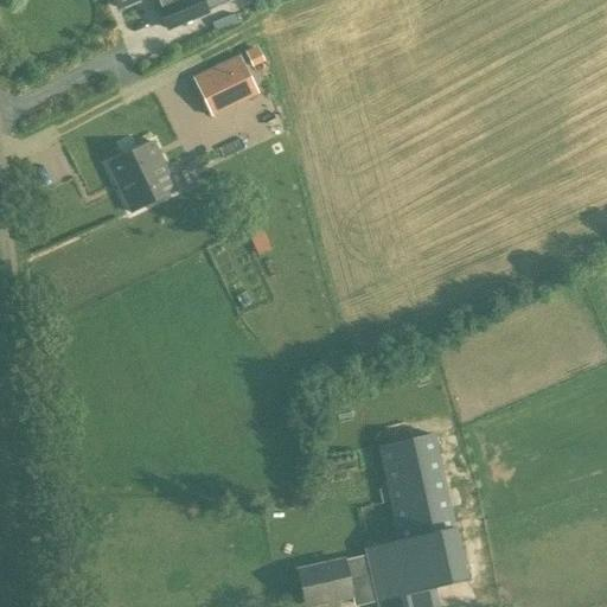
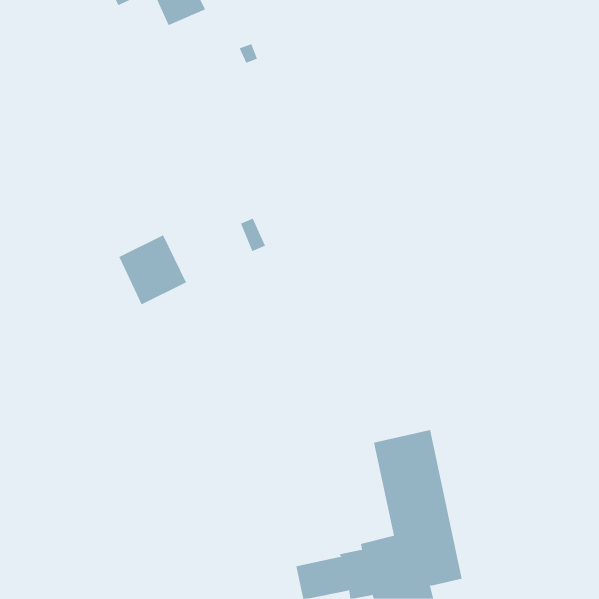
building: [190,53,254,113] -> none
building: [109,141,178,212] -> [119,234,187,305]

